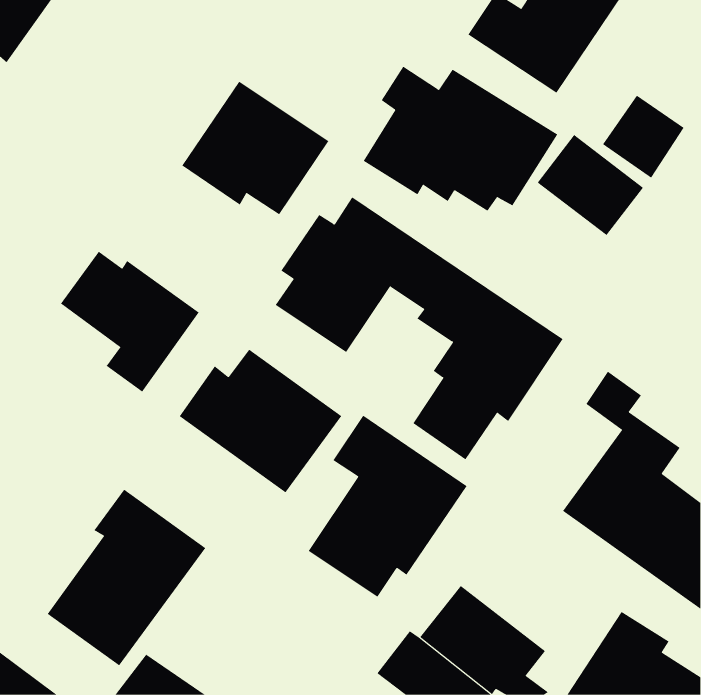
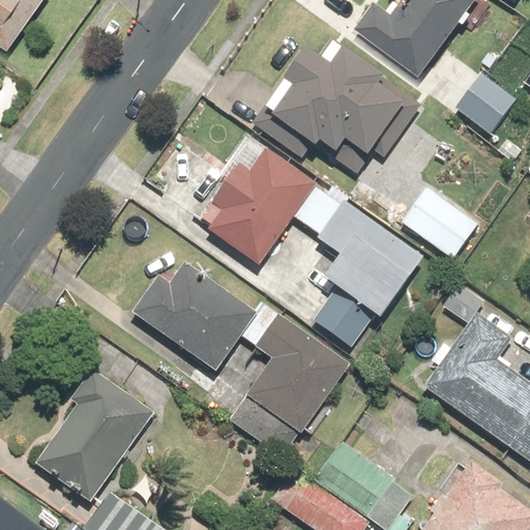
building: [182,81,329,215] -> none
building: [537,134,644,236] -> [396,185,477,262]
building: [60,251,199,393] -> none

